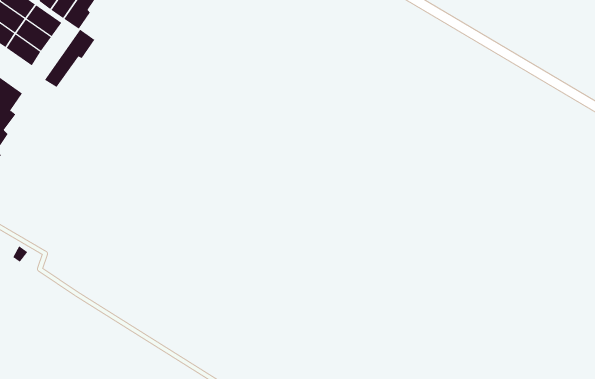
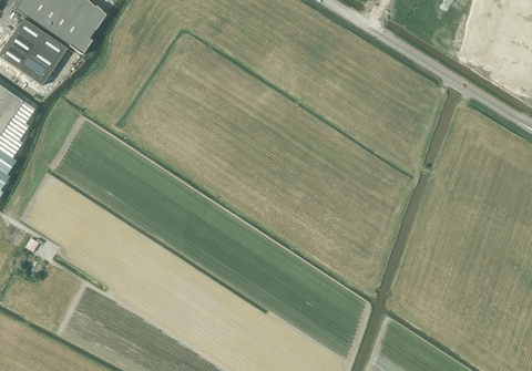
building: [44,29,95,88] -> none

